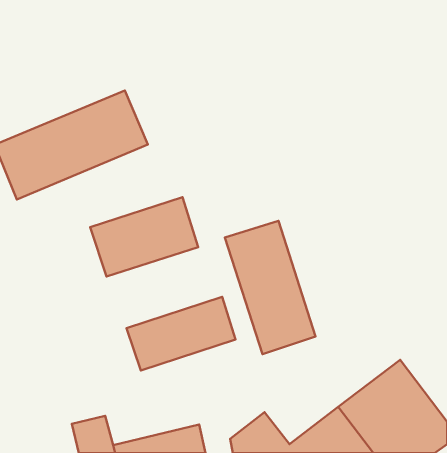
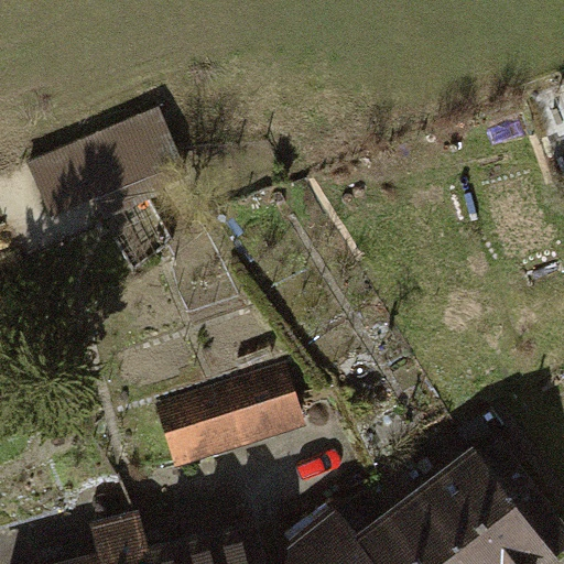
building: [90,197,198,276] -> none
building: [225,221,316,354] -> none

